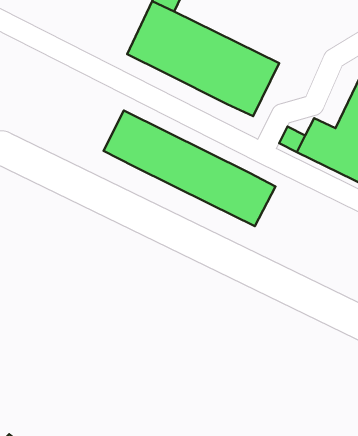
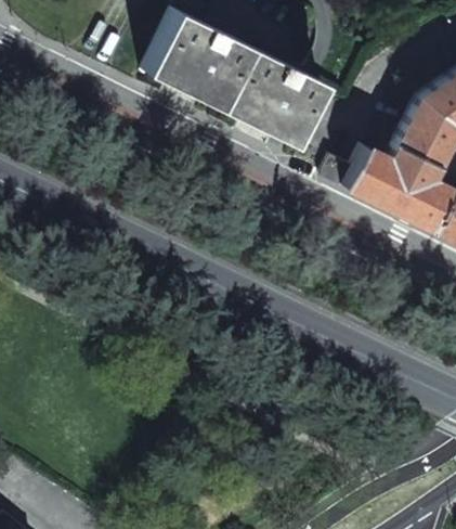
building: [104,111,276,226] -> none

